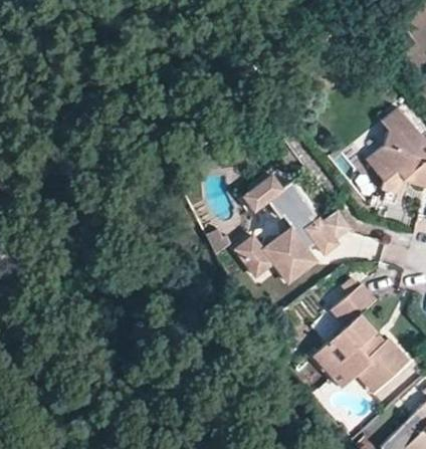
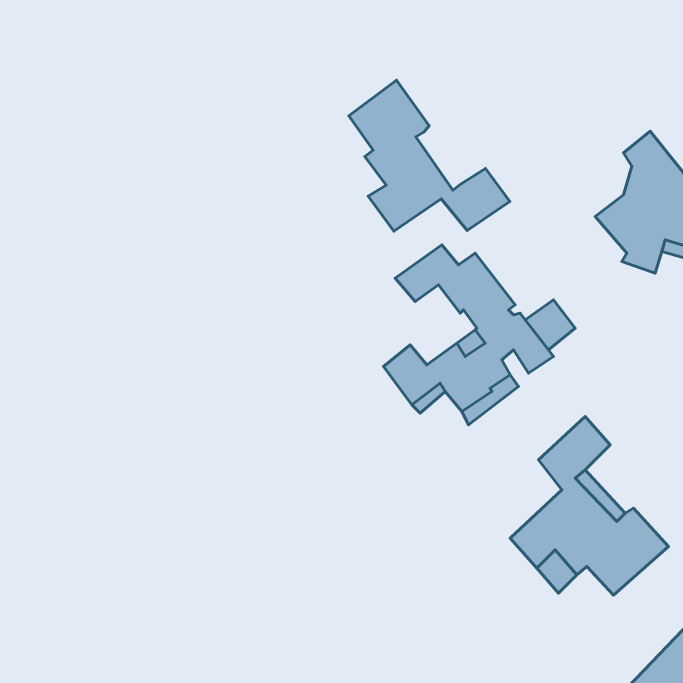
building: none -> [349,80,510,231]

